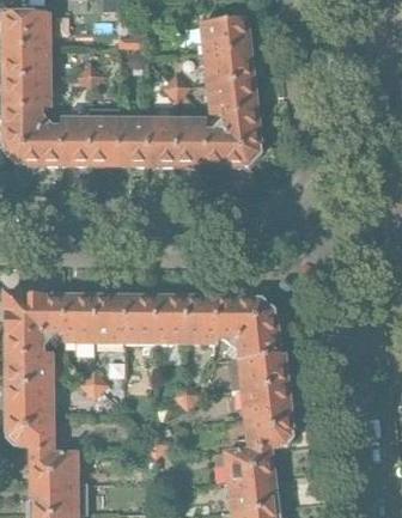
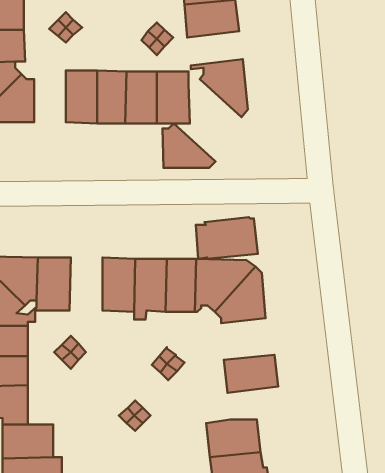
building: [205,78,257,110] -> none
building: [60,115,90,164] -> none
building: [206,123,256,165] -> [162,123,215,168]
building: [93,292,124,342] -> none
building: [229,349,287,389] -> [196,217,258,259]
building: [243,414,293,445] -> none

